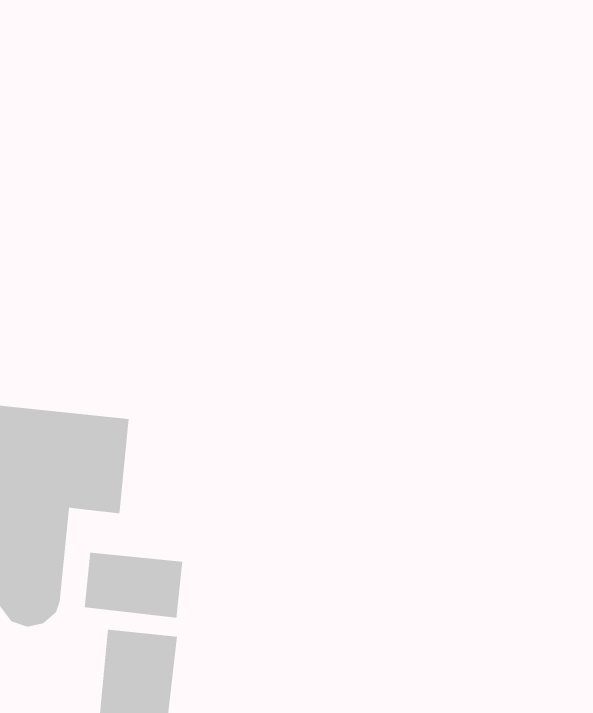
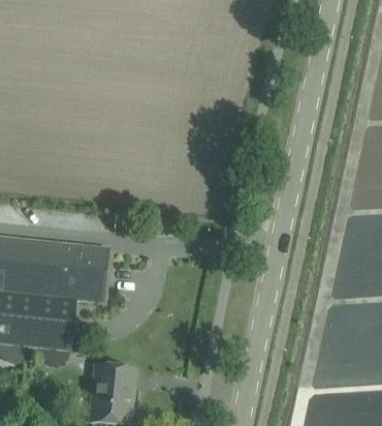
building: [84,552,183,619] -> none

